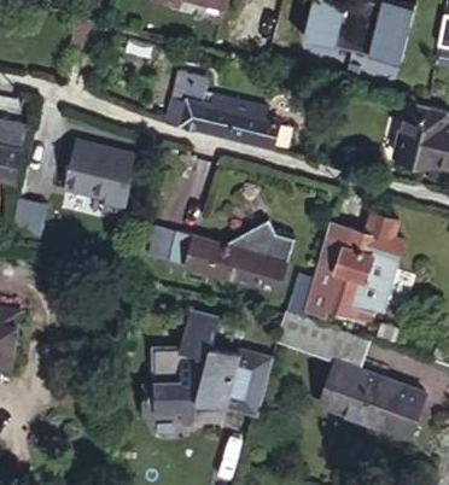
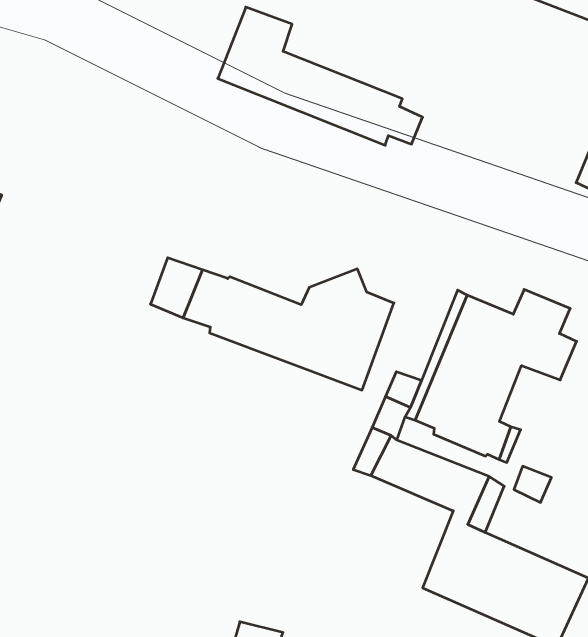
building: [66,142,136,215] -> none
building: [147,309,284,422] -> none

